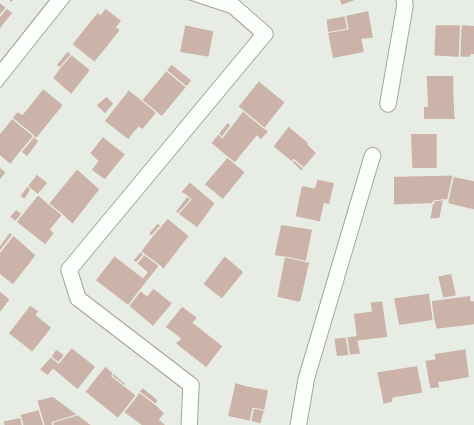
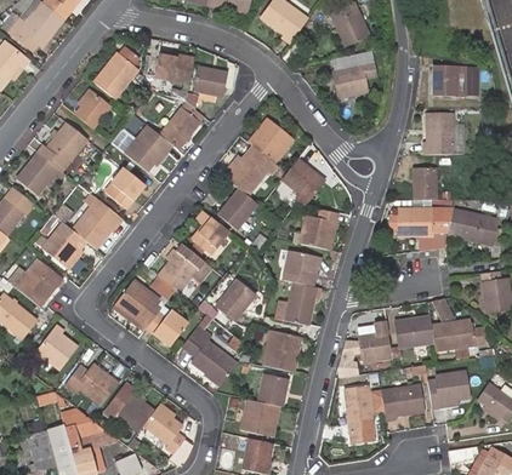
building: none -> [155,53,195,84]
building: none -> [263,328,301,372]
building: none -> [258,374,288,407]
building: none -> [343,385,372,431]

